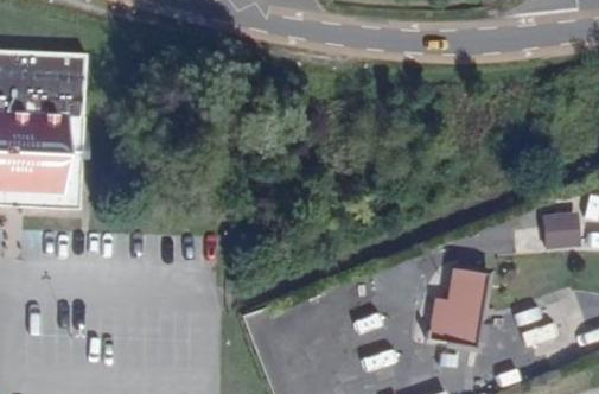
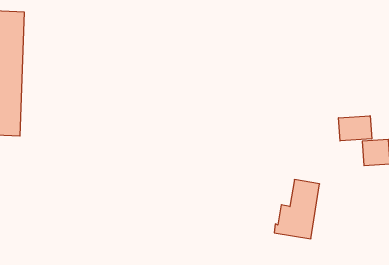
building: none -> [339,116,372,141]

